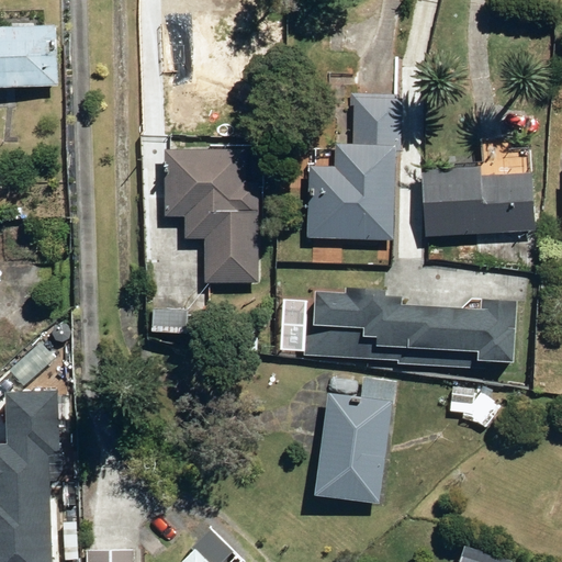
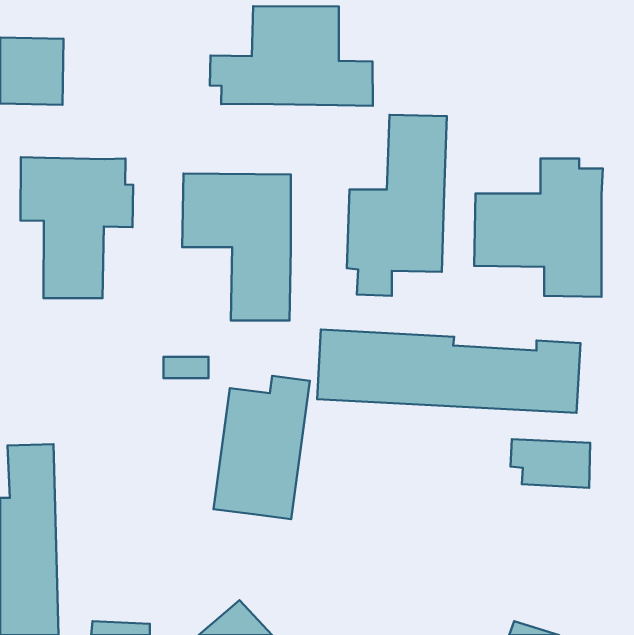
building: none -> [210,6,373,106]
building: none -> [21,157,133,298]
building: [310,381,394,507] -> [214,376,310,519]

